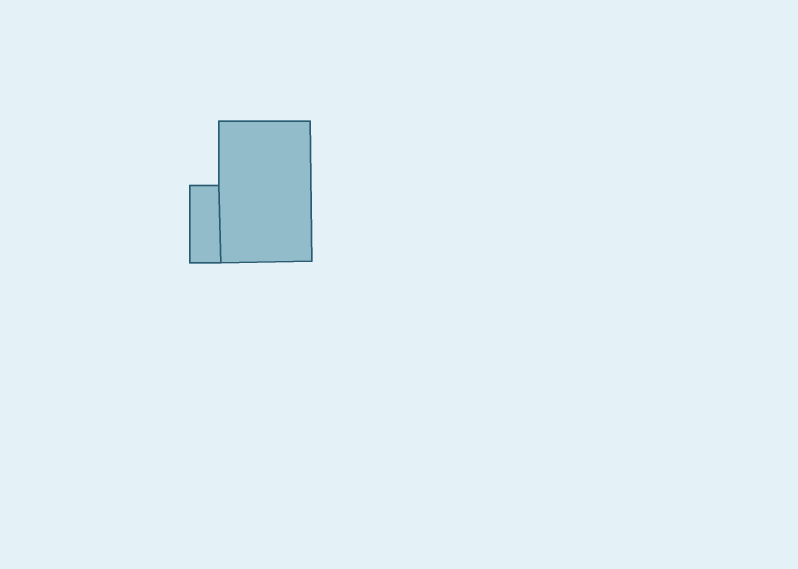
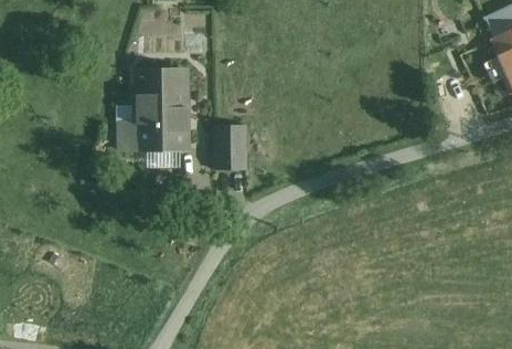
building: none -> [214,124,245,169]

